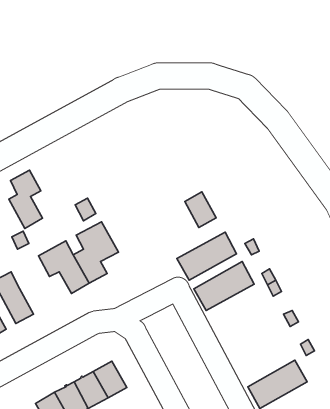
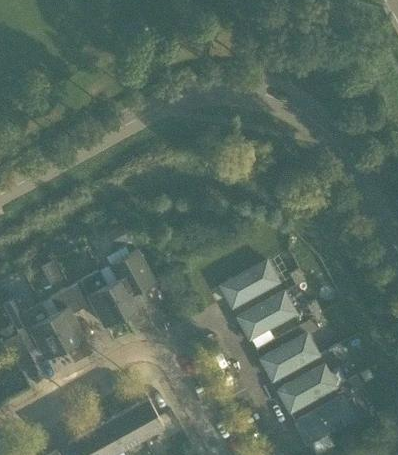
building: [9,170,43,228] -> [50,284,86,346]
building: [185,192,216,227] -> none
building: none -> [259,331,324,383]
building: none -> [278,363,339,413]

